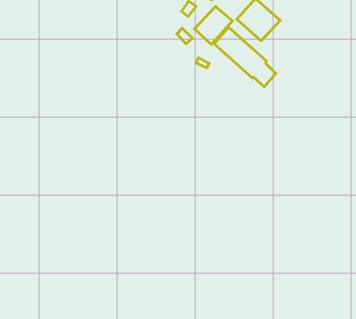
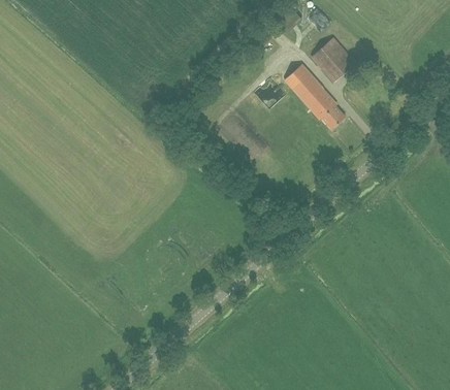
building: [194,6,232,44] -> none

